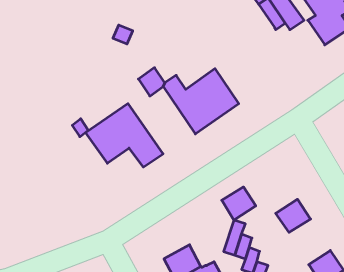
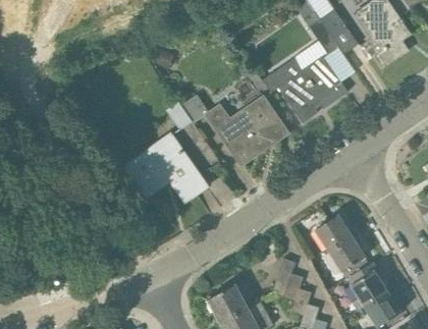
building: none -> [263,55,347,123]
building: [222,187,256,220] -> [315,215,352,251]
building: none -> [351,262,387,306]

